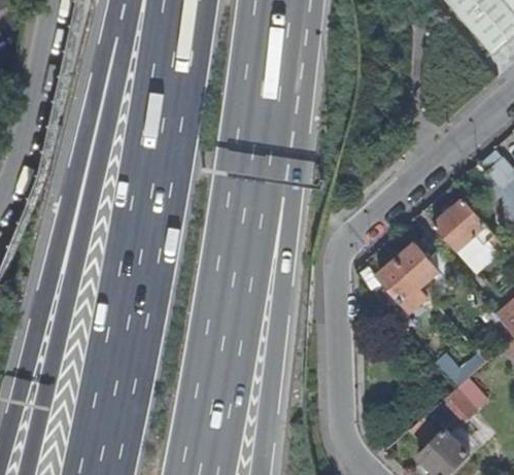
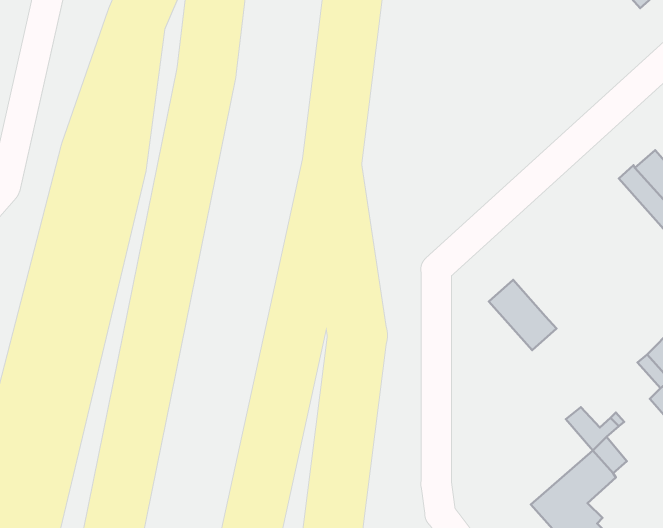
building: [436,199,506,251] -> none
building: [398,243,440,286] -> none

